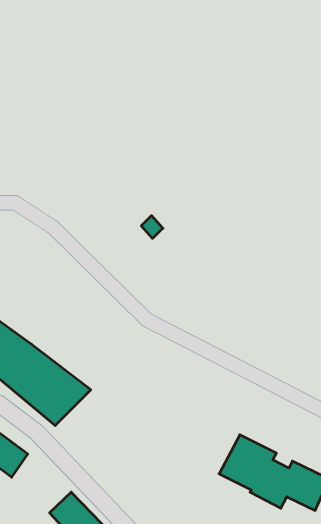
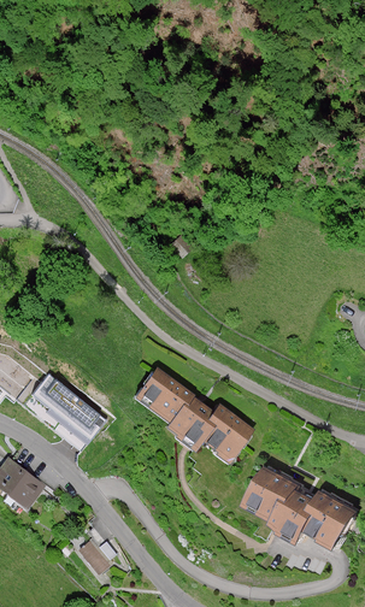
building: none -> [129,361,255,468]

